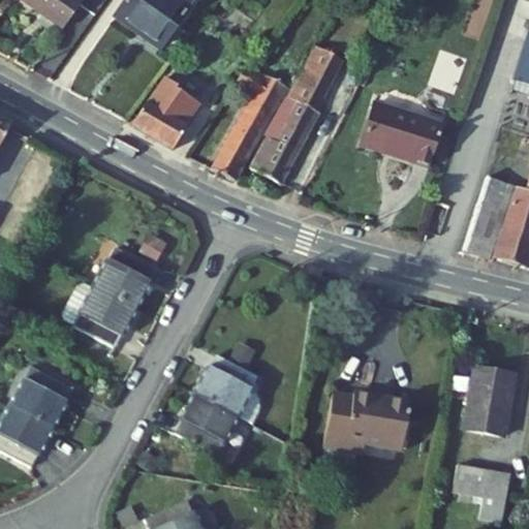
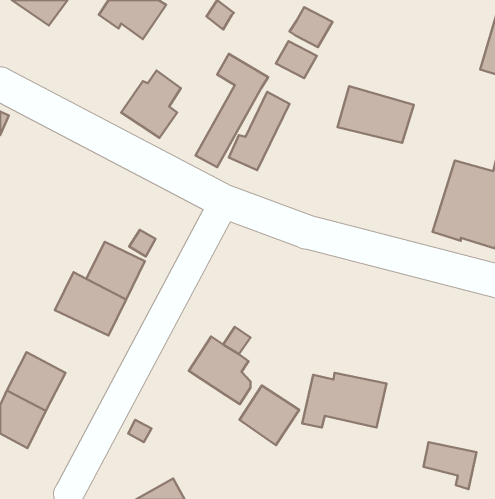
building: [281,68,326,111] -> [290,7,333,47]
building: [464,371,520,442] -> none
building: [181,393,244,456] -> [239,385,299,445]

